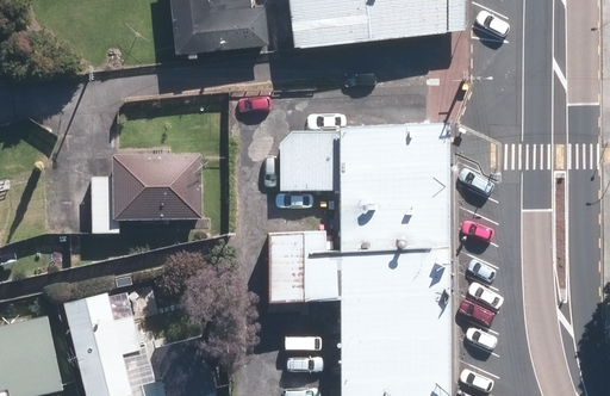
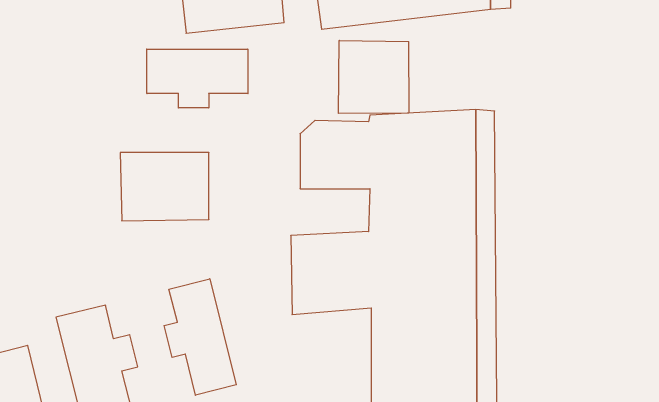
building: none -> [338,40,409,113]
building: none -> [147,49,248,108]
building: none -> [164,279,236,395]

